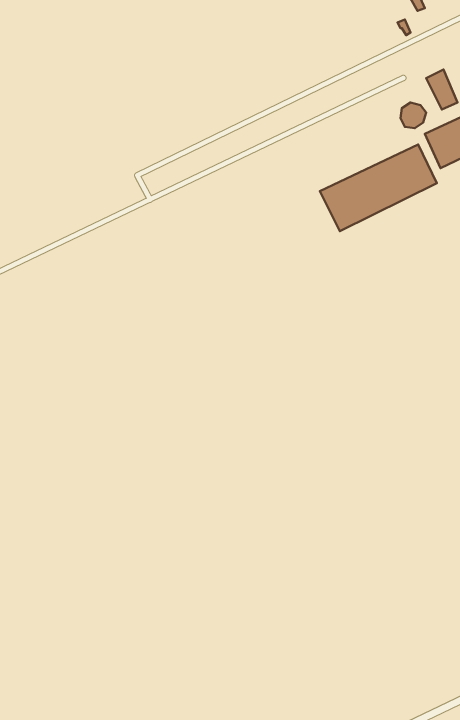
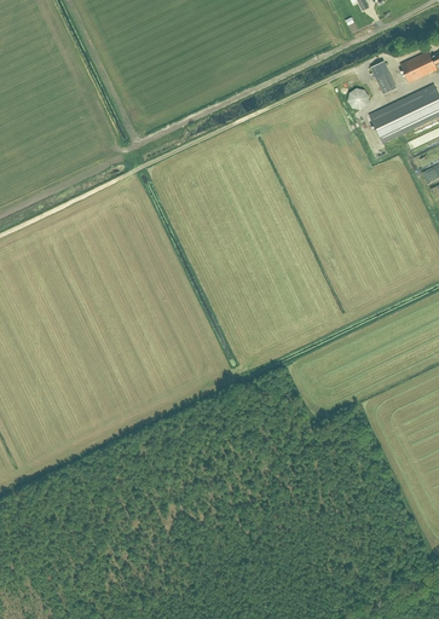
building: [320,144,437,231] -> none

